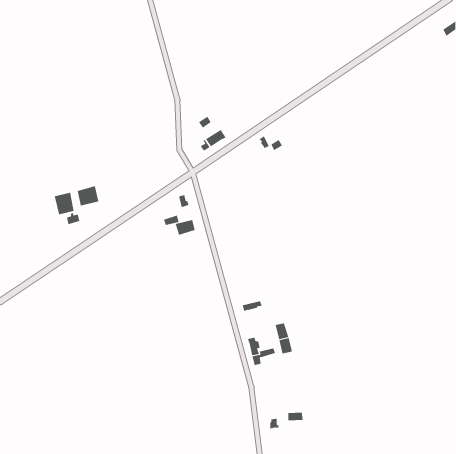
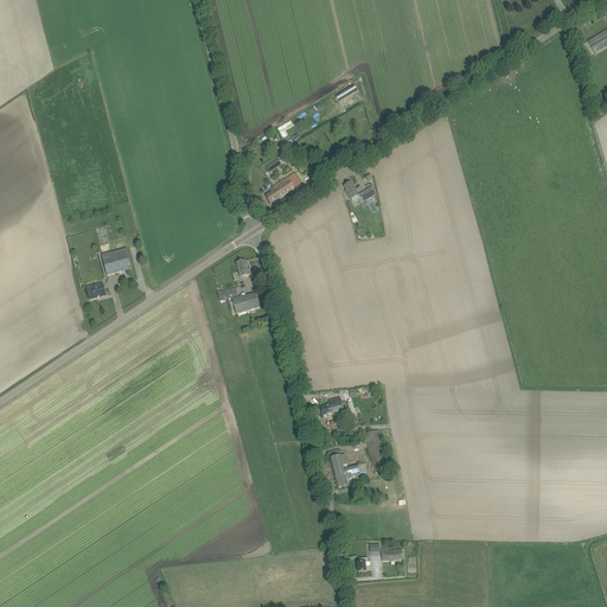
building: [54,192,74,215] -> none

